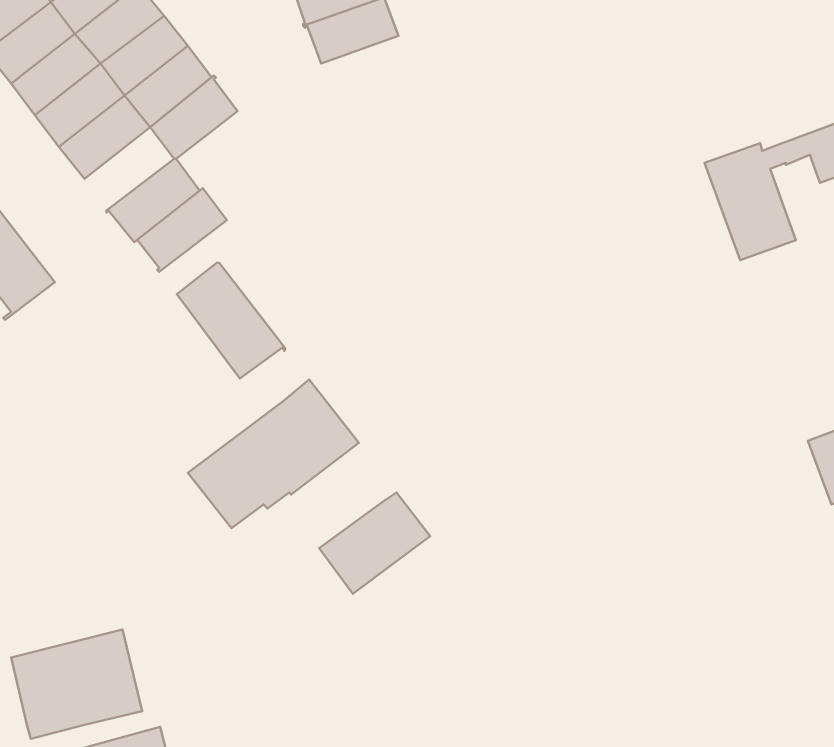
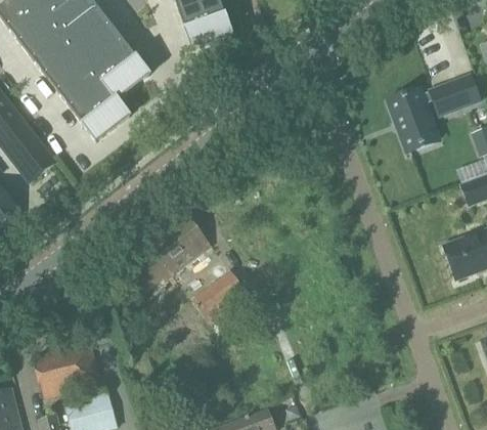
building: [137,188,227,272] -> [71,82,117,125]
building: [177,263,285,379] -> none

